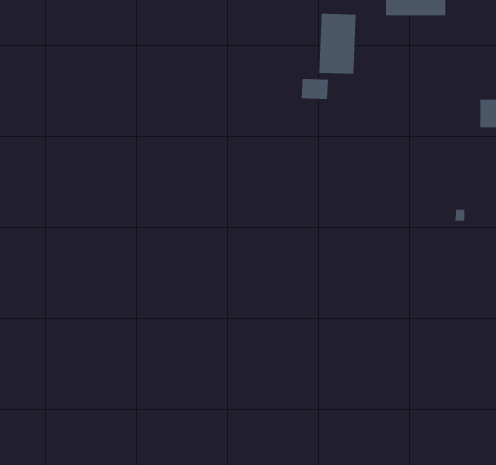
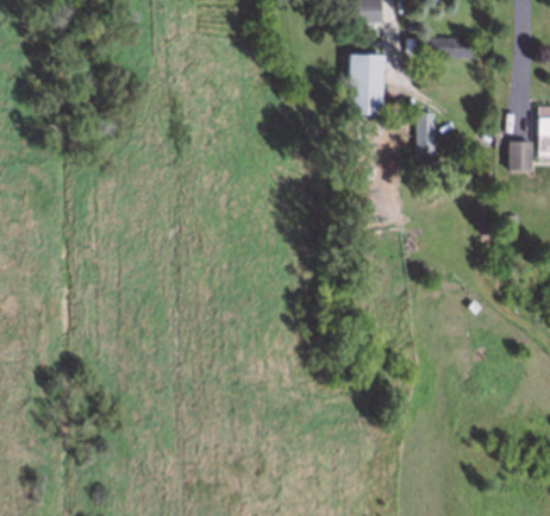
building: none -> [419,113,437,152]
building: [301,78,328,100] -> none

